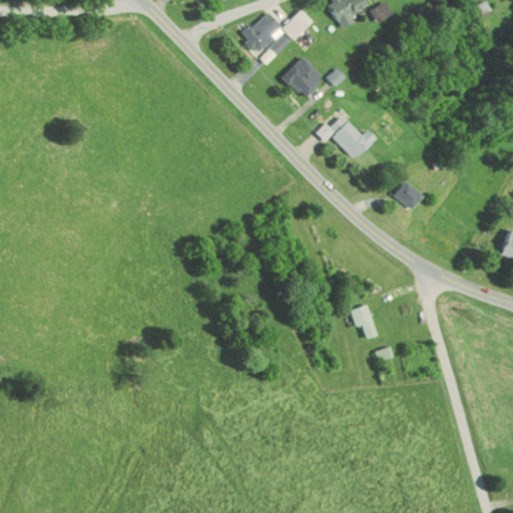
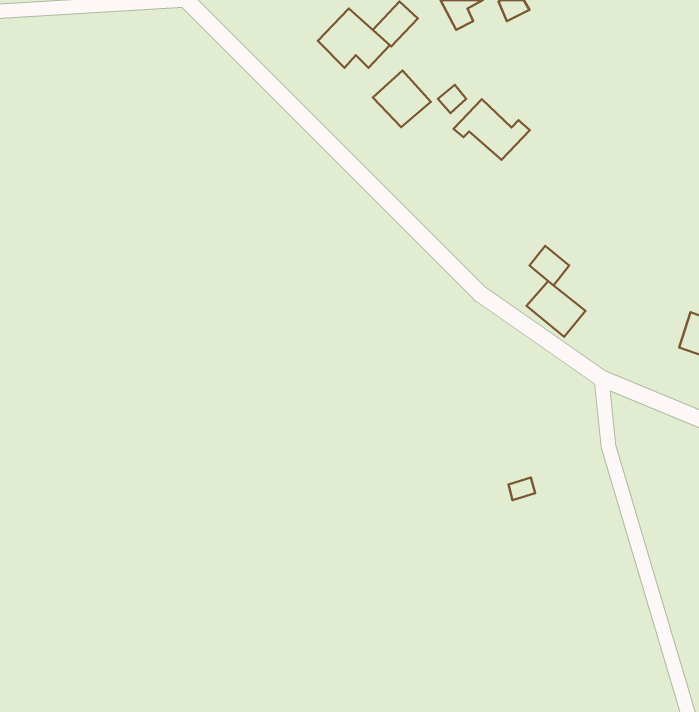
building: [319,114,373,157] -> [454,99,530,160]
building: none -> [526,281,586,337]
building: [350,305,378,339] -> none

